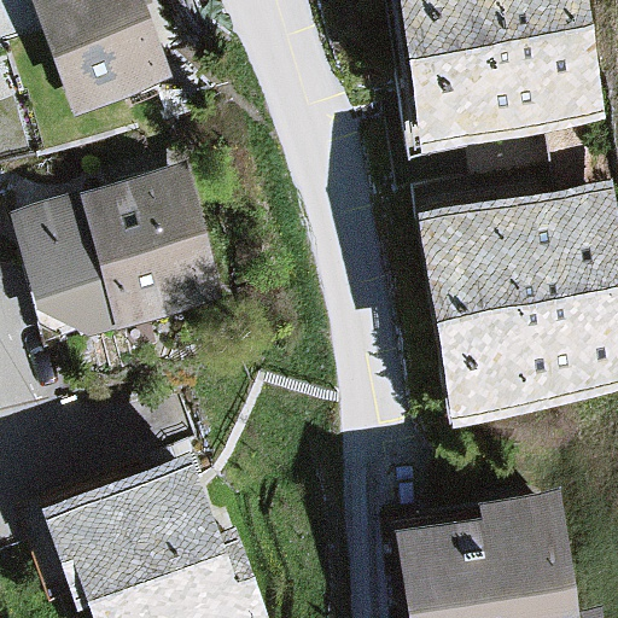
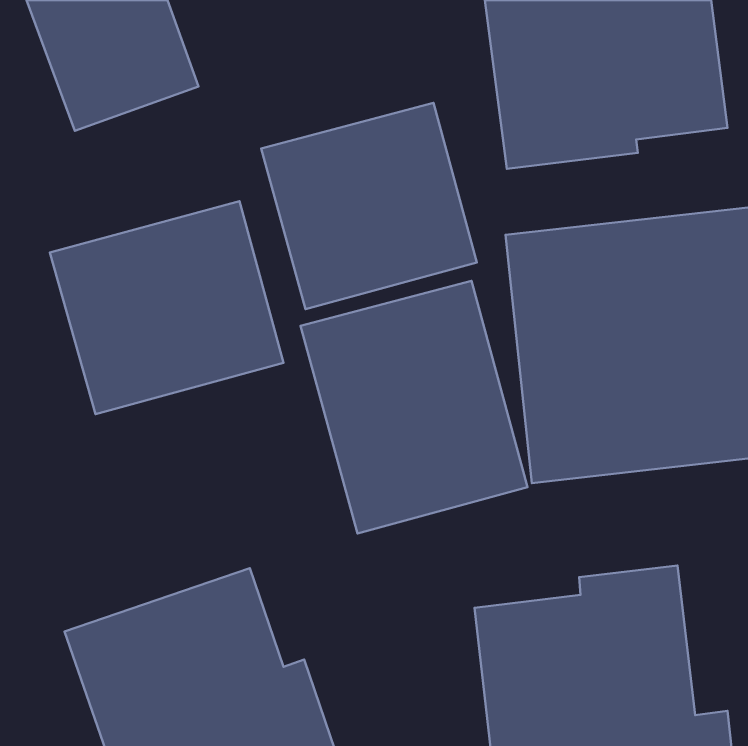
building: none -> [261,103,477,309]
building: none -> [301,281,528,533]

